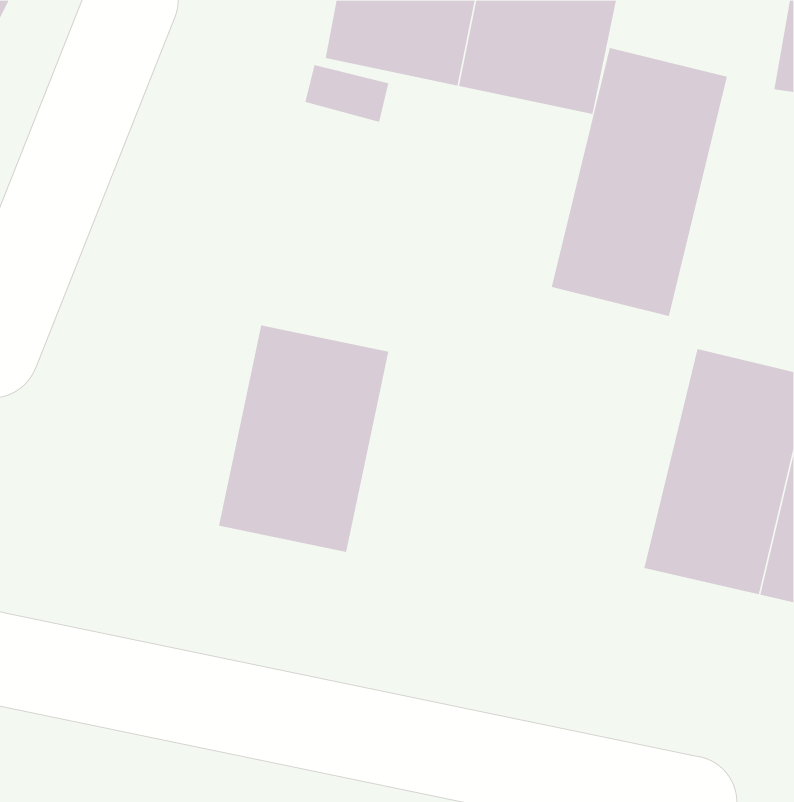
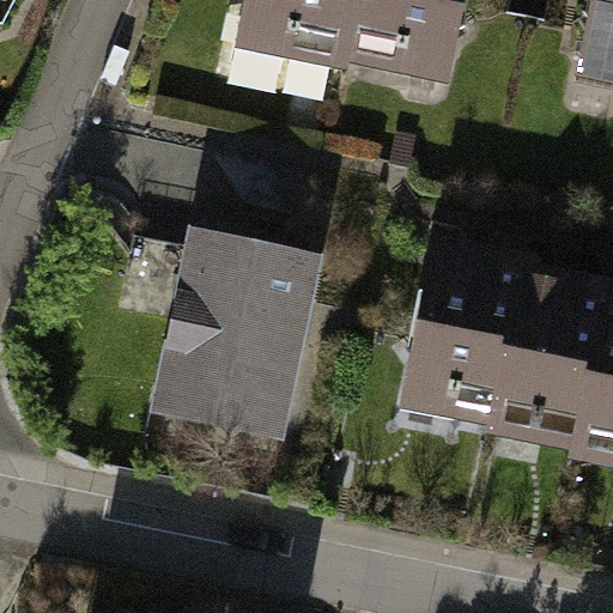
building: [551,47,727,317] -> none
building: none -> [401,244,532,433]

